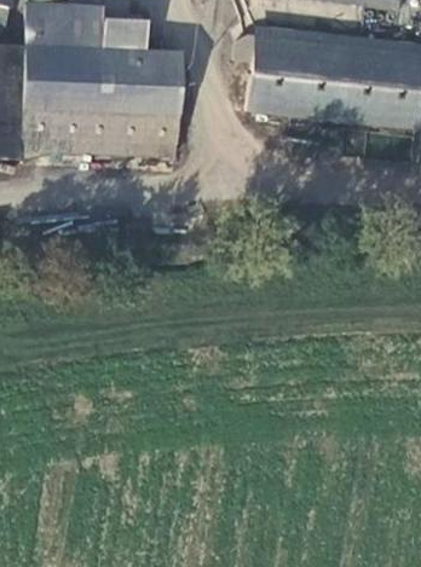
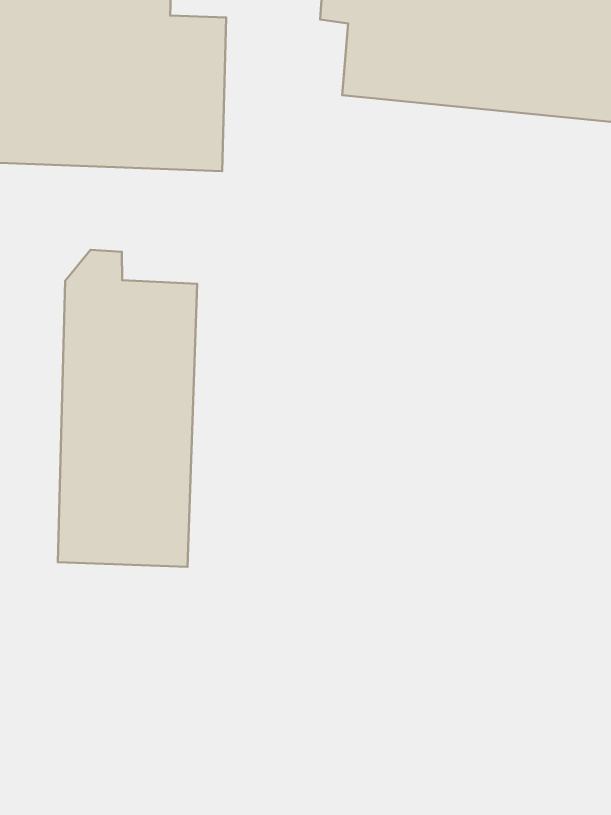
building: none -> [58,250,197,567]

